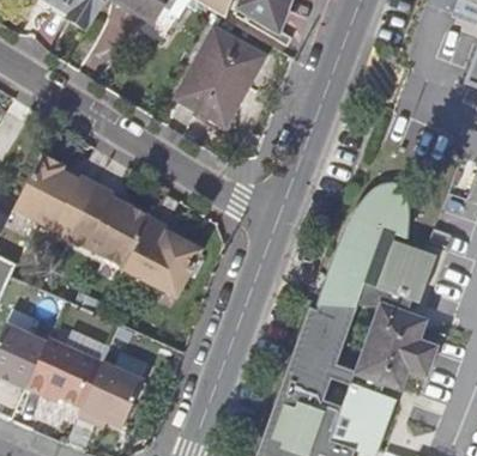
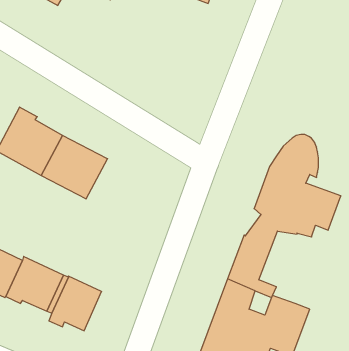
building: [176,30,264,123] -> none
building: [122,217,200,292] -> none
building: [352,308,437,394] -> none

